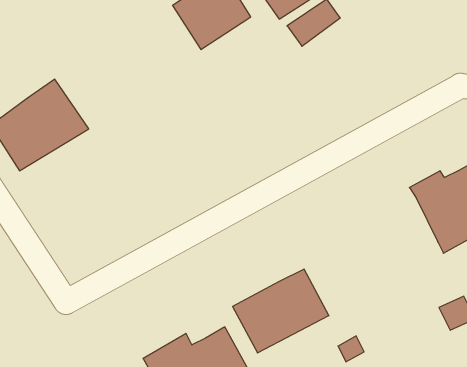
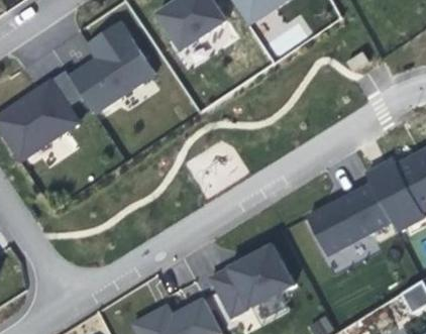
building: none -> [71,16,155,112]
building: none -> [308,183,392,253]

